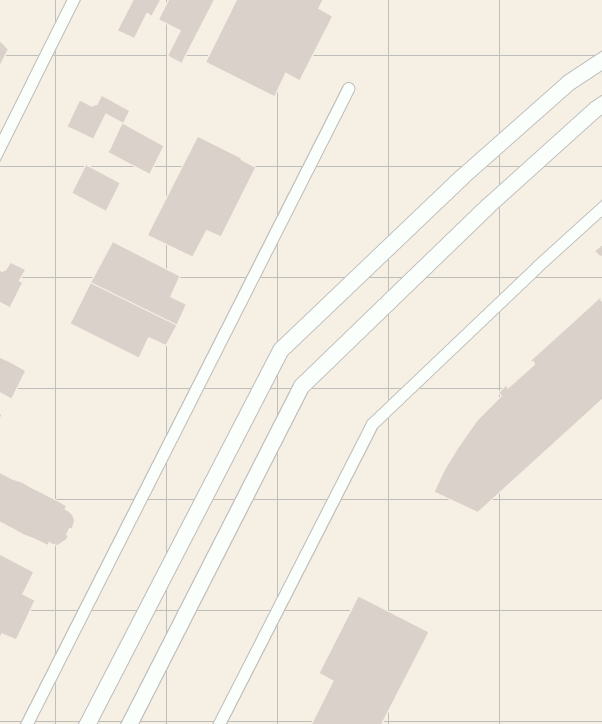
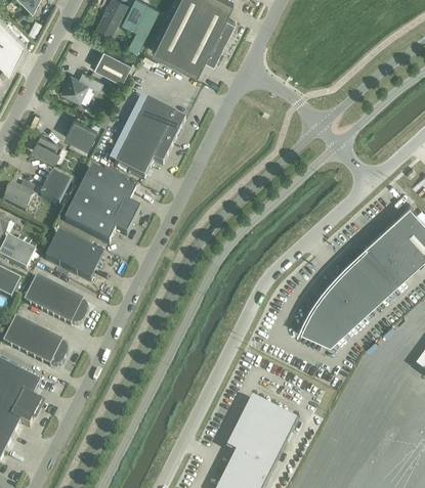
building: [107,122,164,174] -> [94,47,131,81]
building: none -> [33,133,62,160]
building: none -> [40,172,71,205]
building: none -> [46,232,103,280]
building: none -> [24,274,88,323]

